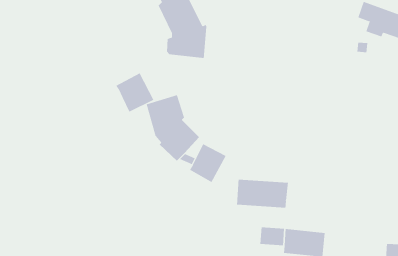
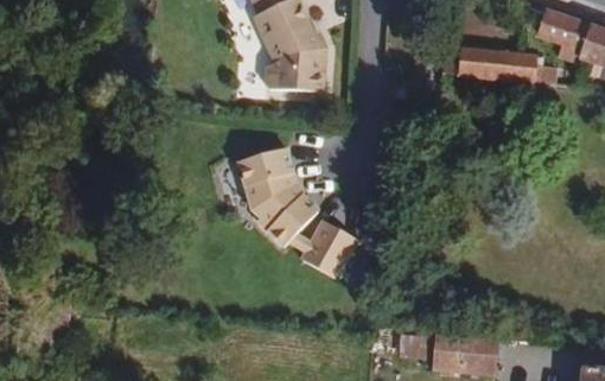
building: none -> [441,38,540,83]
building: [116,72,154,112] -> none
building: [236,179,289,208] -> none

